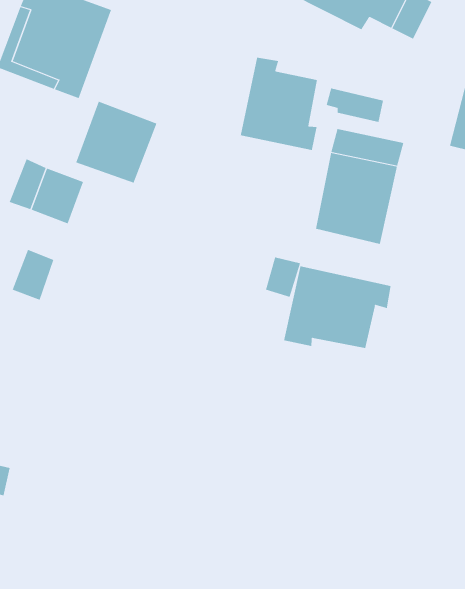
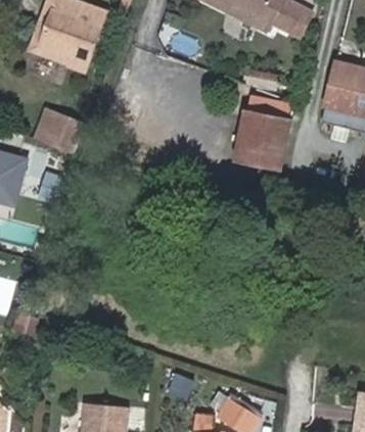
building: [240,57,318,151] -> none
building: [76,101,157,183] -> none
building: [284,265,391,349] -> none

